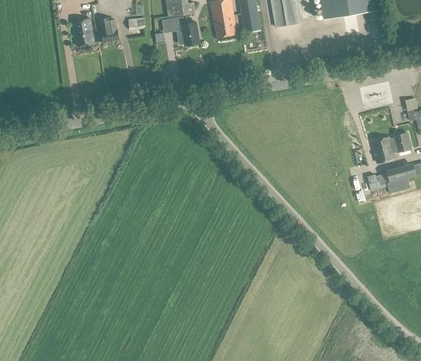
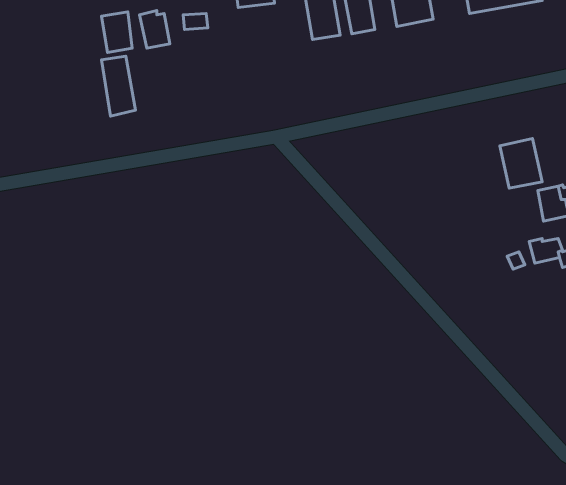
building: [168,16,199,45] -> none
building: none -> [102,56,136,116]
building: none -> [500,138,542,188]

